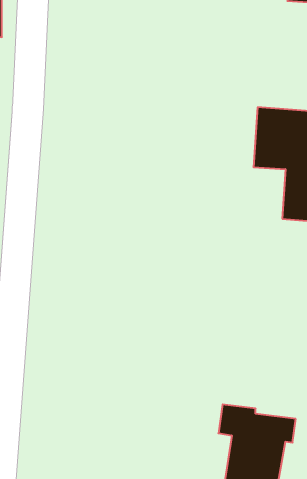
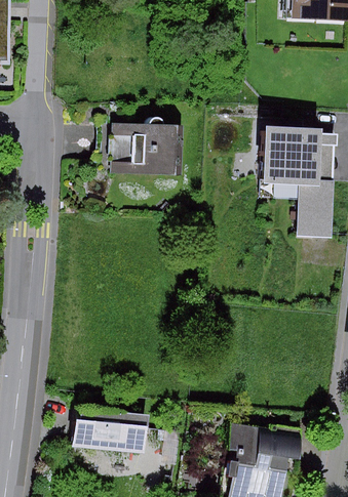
building: none -> [123,125,178,170]
building: none -> [75,420,140,455]

